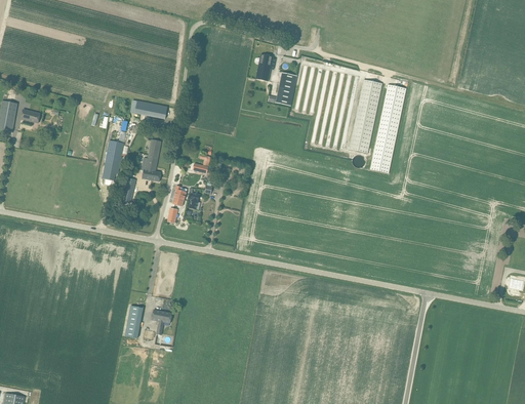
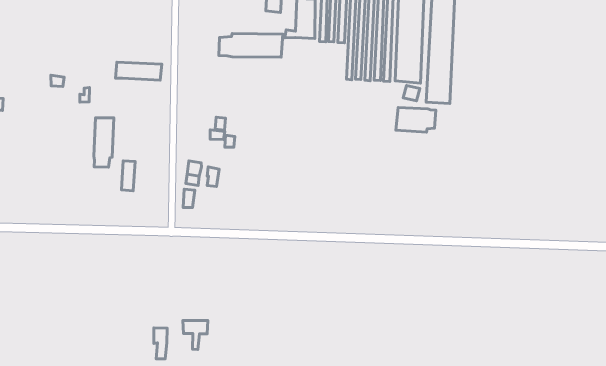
building: none -> [219,33,283,57]
building: [142,139,160,180] -> none
building: none -> [396,107,436,132]

